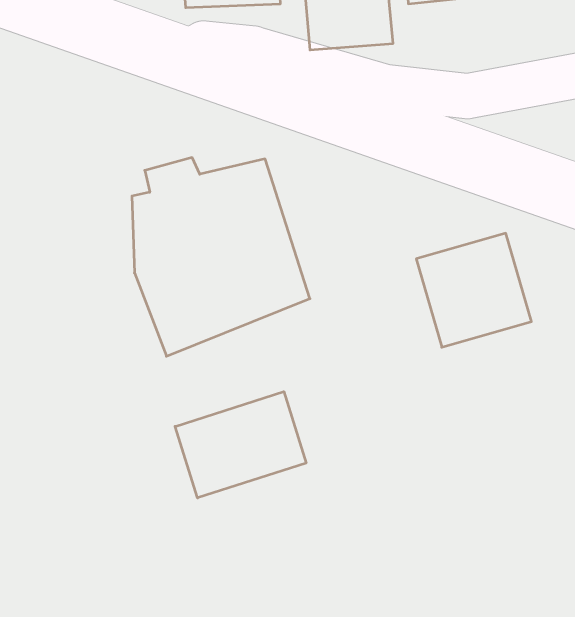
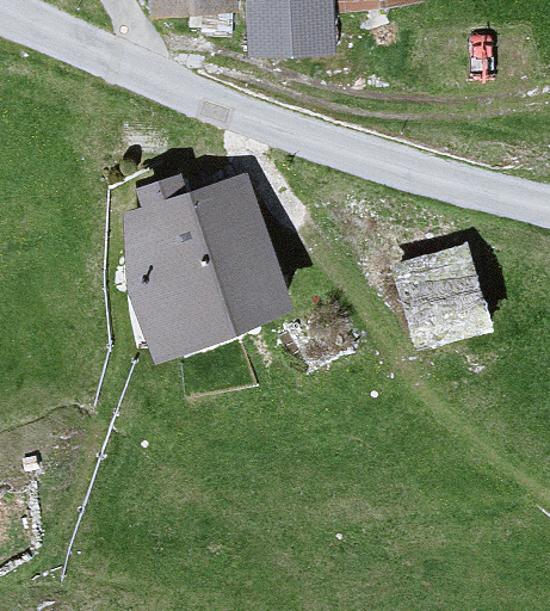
building: [175,392,306,498] -> none

